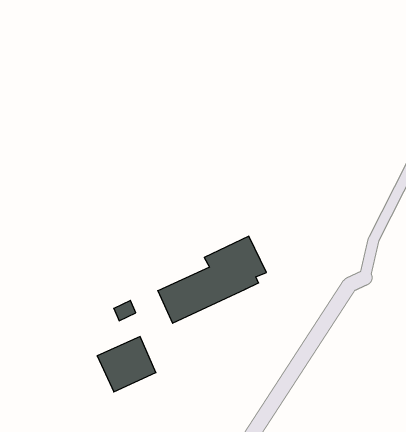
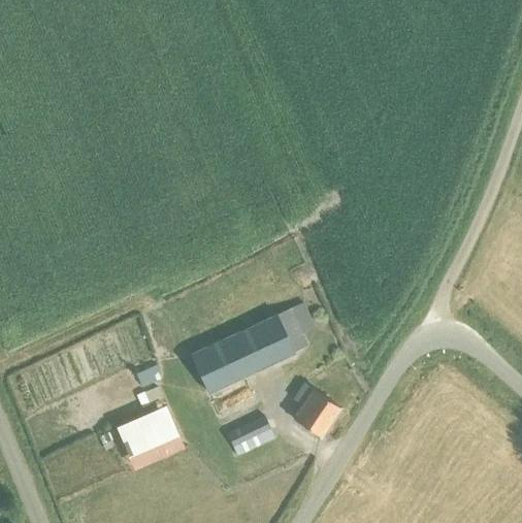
building: none -> [294,384,341,438]
building: none -> [227,417,274,454]

